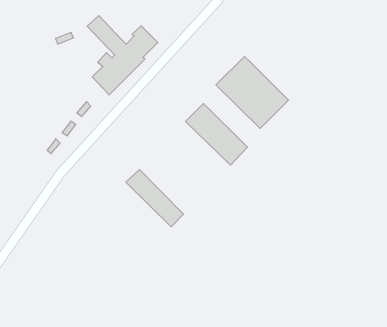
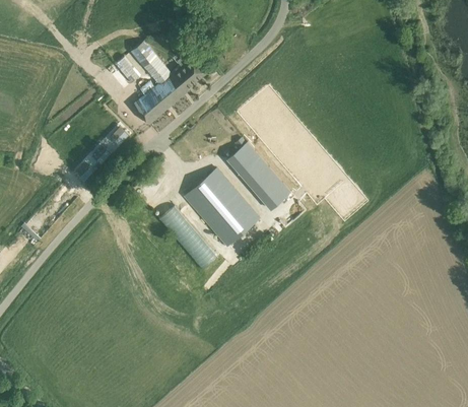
building: none -> [115,55,141,85]
building: [216,56,289,128] -> [184,167,259,245]

